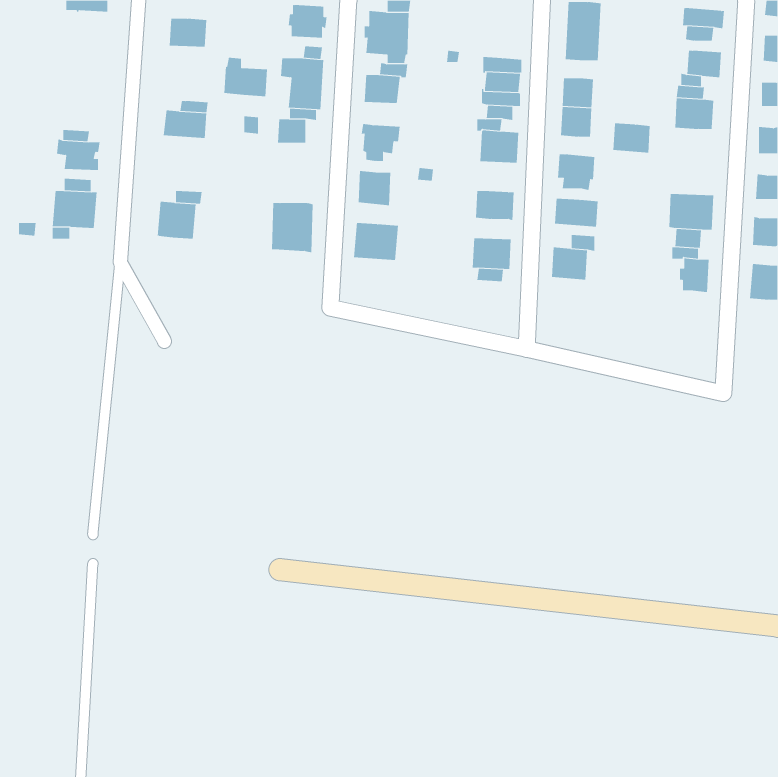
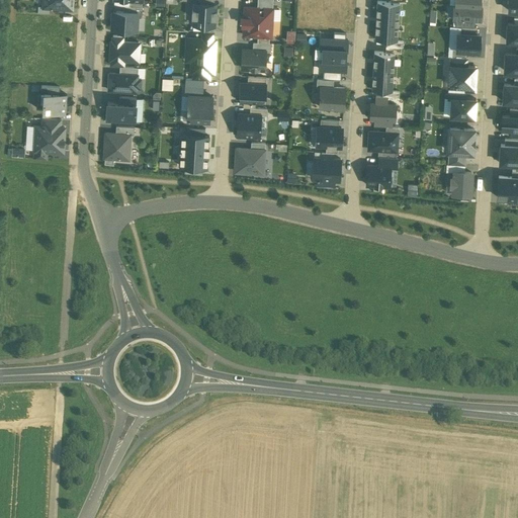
building: [224,57,268,97] -> [110,36,140,63]
building: [613,123,651,153] -> [450,98,476,118]
building: none -> [187,96,212,122]
building: none -> [106,103,136,122]

